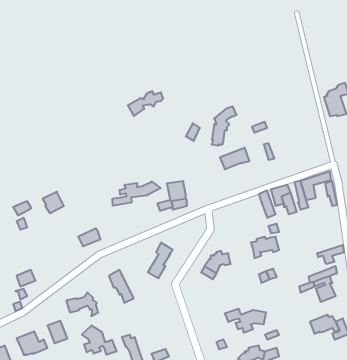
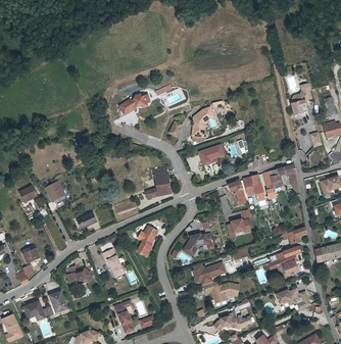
building: [113,181,161,206] -> none
building: none -> [195,261,226,286]
building: [82,325,116,355] -> none

